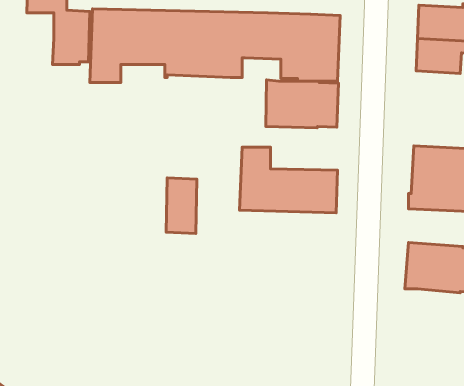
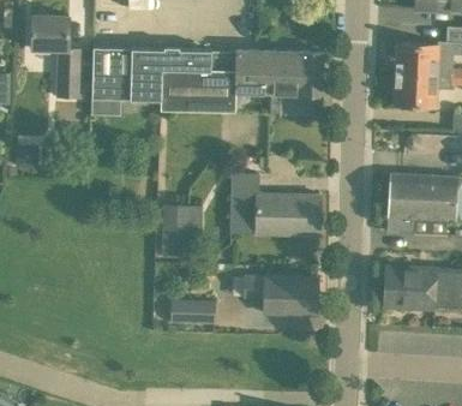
building: [266,80,339,128] -> none
building: none -> [245,275,318,315]
building: none -> [172,300,216,324]

